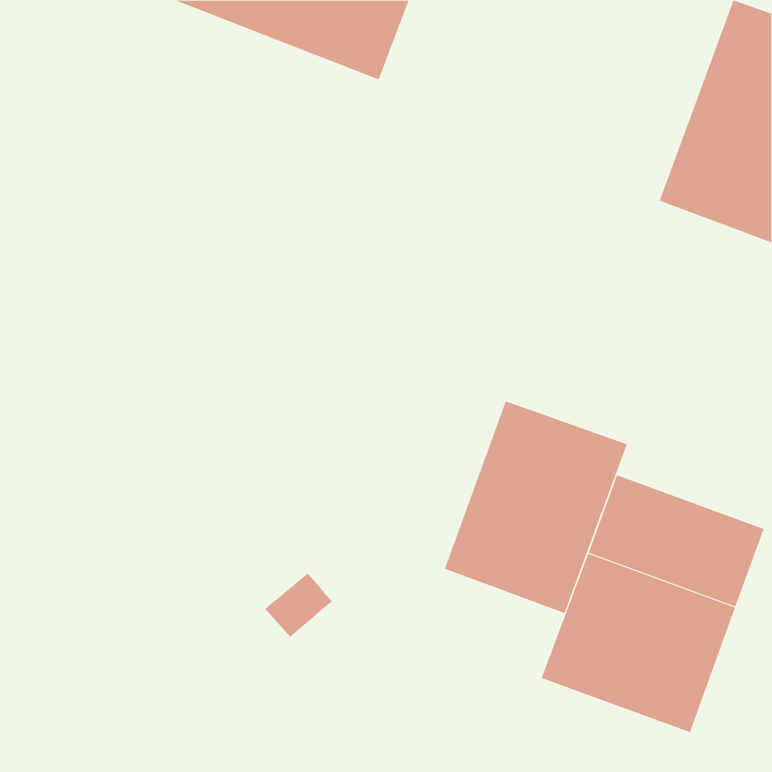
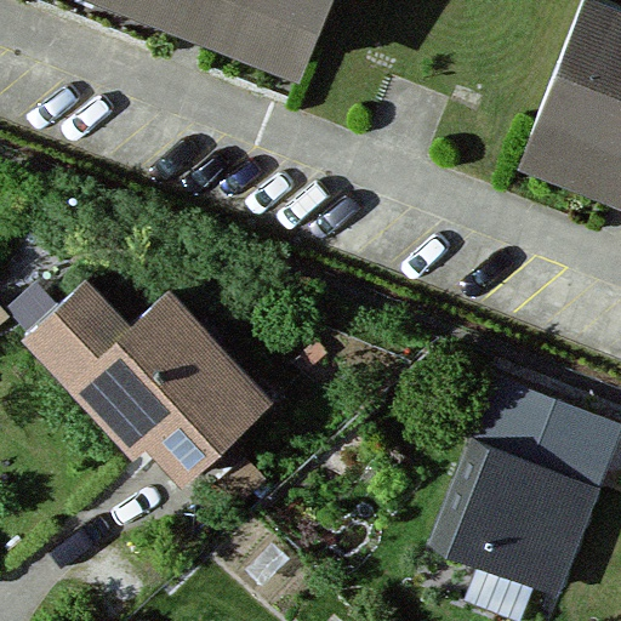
building: none -> [24,285,266,482]
building: [444,401,627,614] -> none

